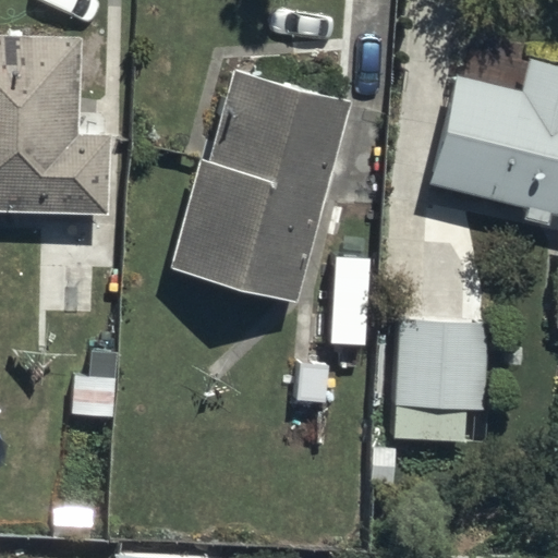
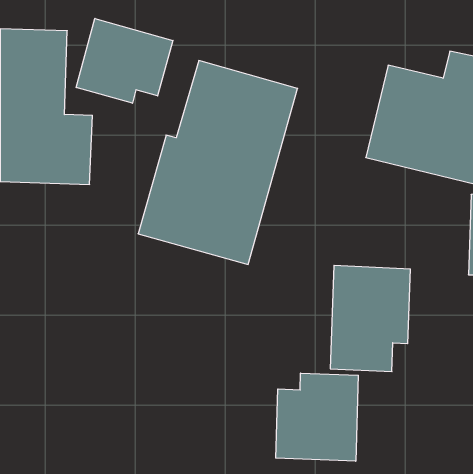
building: none -> [76,18,173,103]
building: none -> [276,373,358,461]

